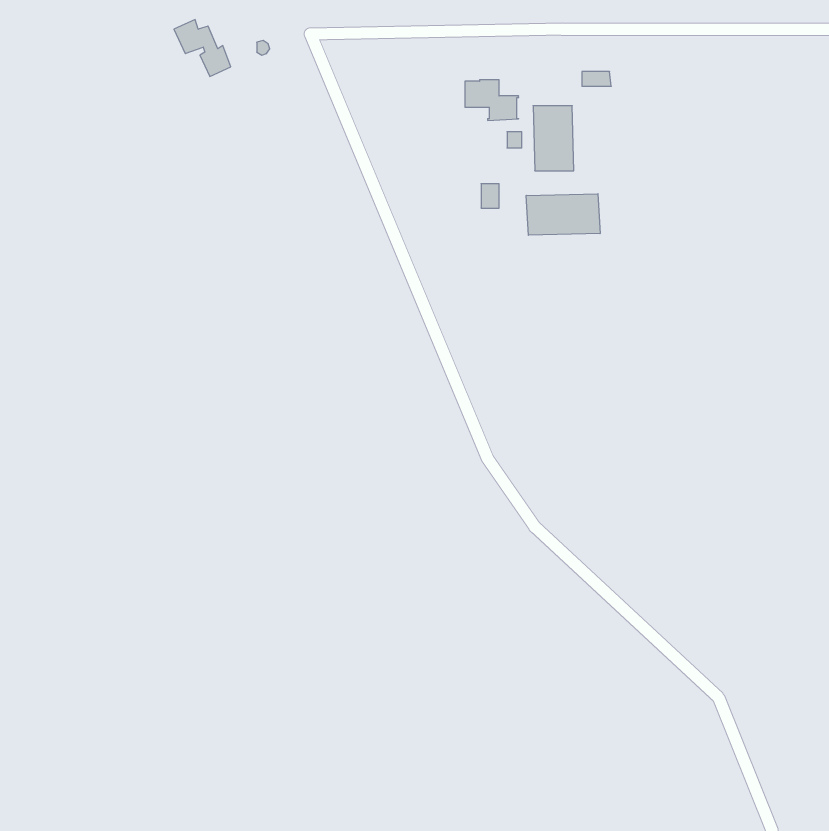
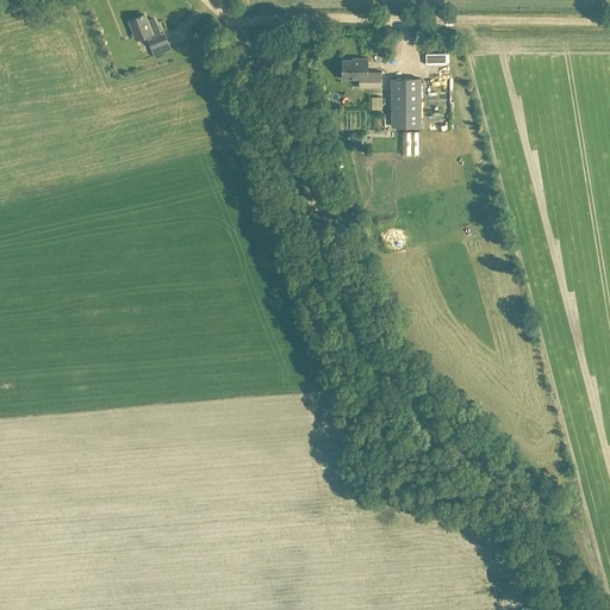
building: [526,194,600,235] -> none

